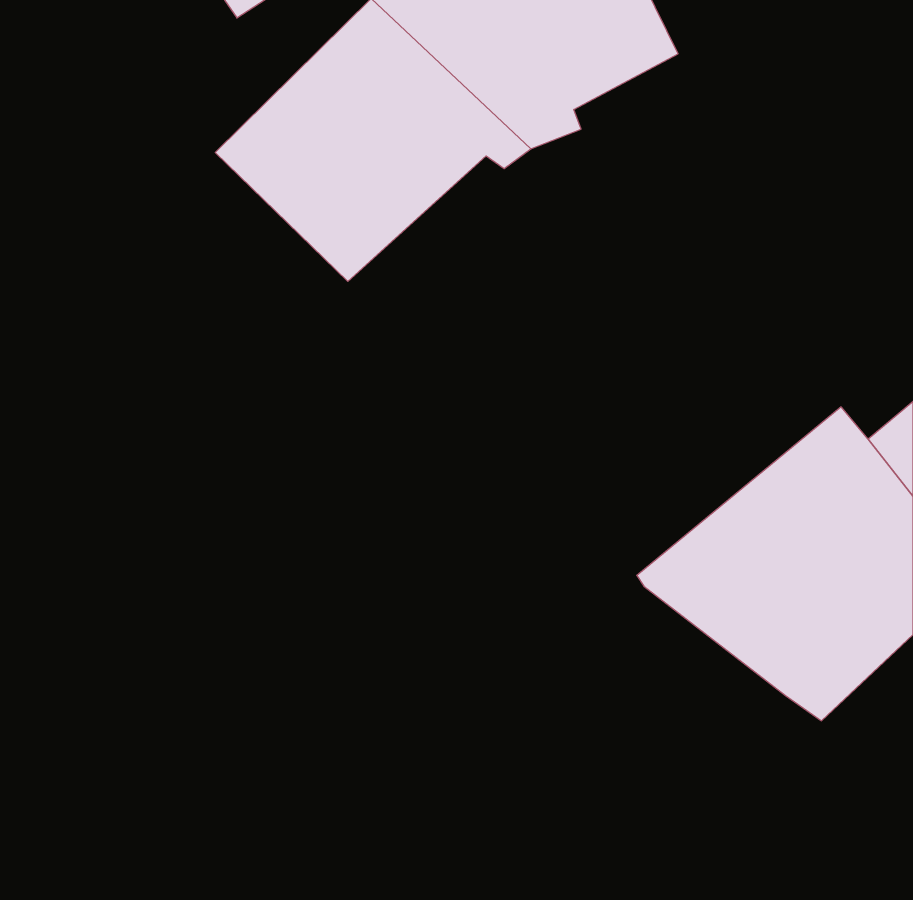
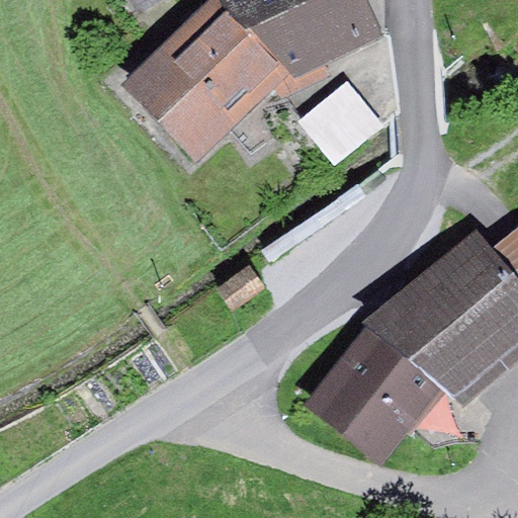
building: none -> [296,78,383,165]
building: none -> [306,331,443,466]

